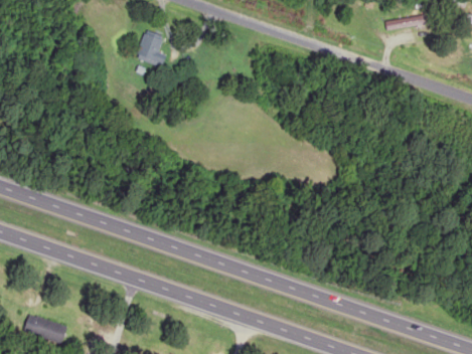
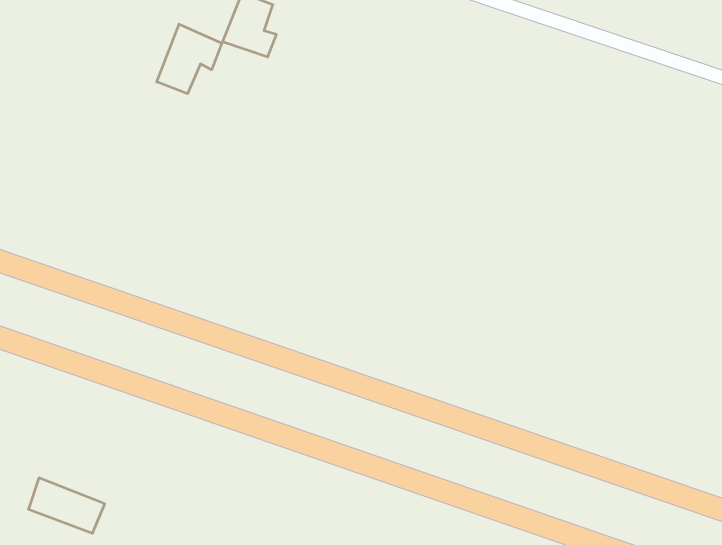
building: none -> [157,24,222,94]

